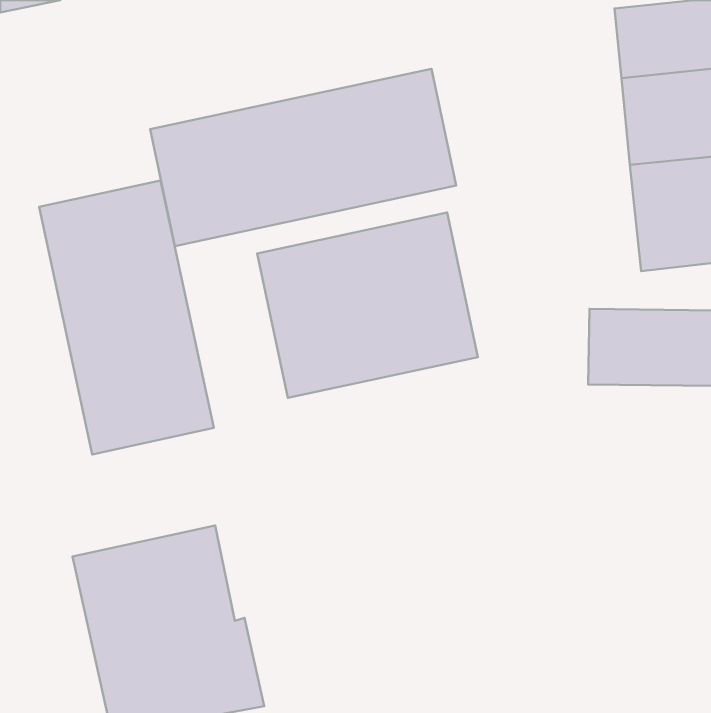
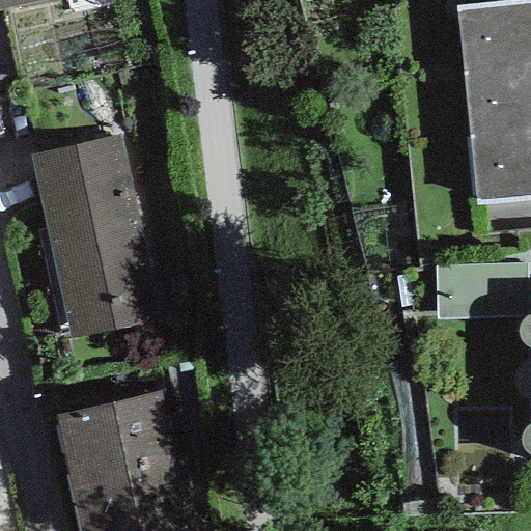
building: [150,69,456,246] -> none
building: [257,213,478,398] -> none

